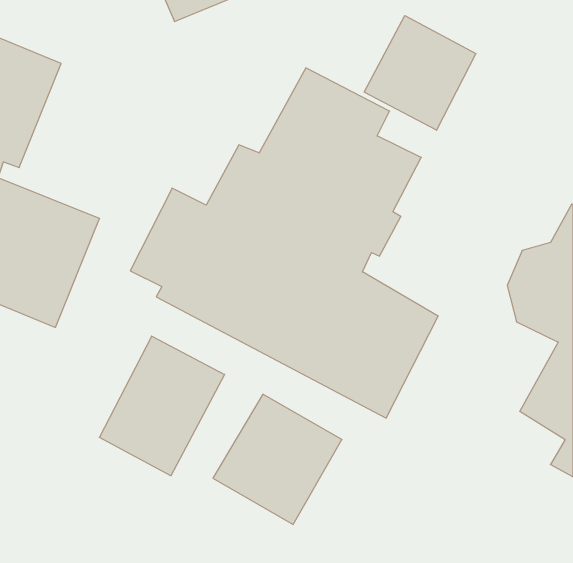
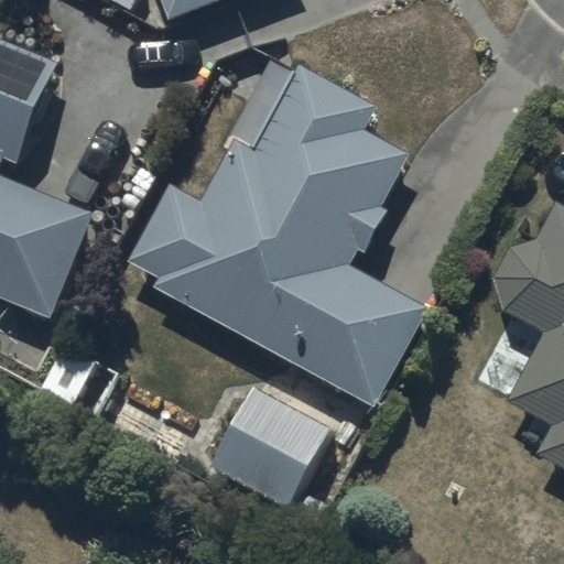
building: [364,16,476,130] -> none
building: [99,336,225,476] -> none

